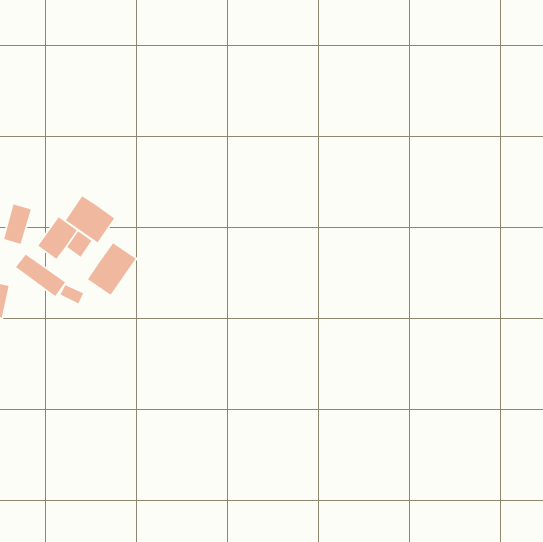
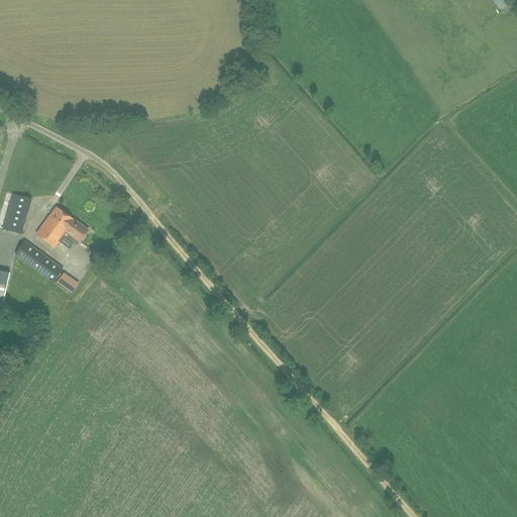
building: [65,195,115,243] -> none
building: [87,242,137,296] -> none

